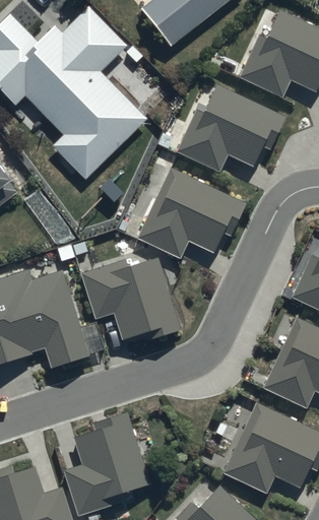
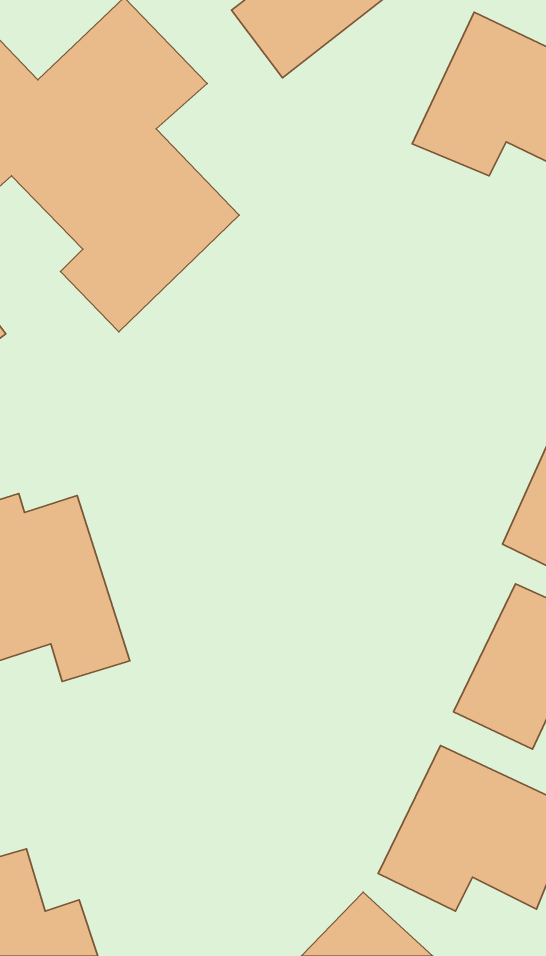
building: [176,81,285,172] -> none
building: [134,169,245,258] -> none
building: [82,260,182,344] -> none
building: [63,414,153,513] -> none

